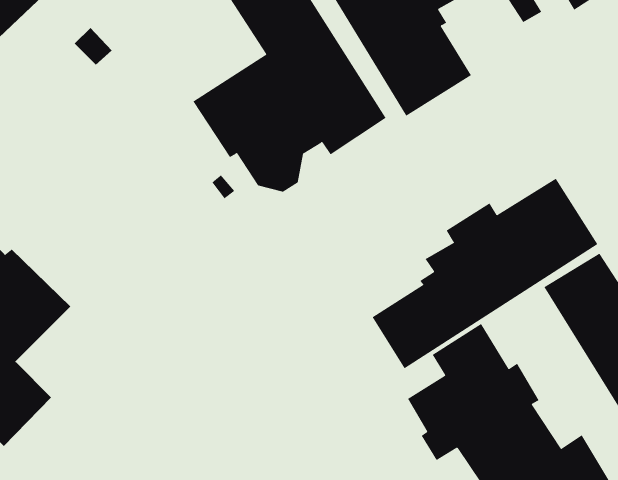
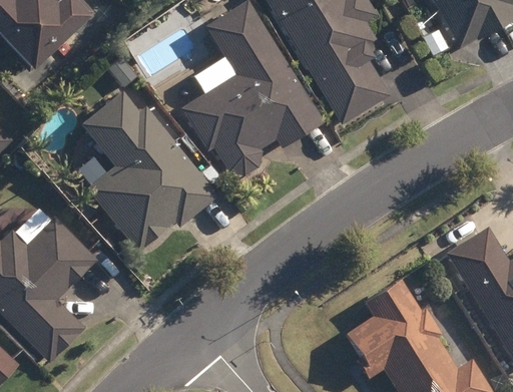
building: none -> [77,88,215,251]
building: [372,178,598,369] -> none

